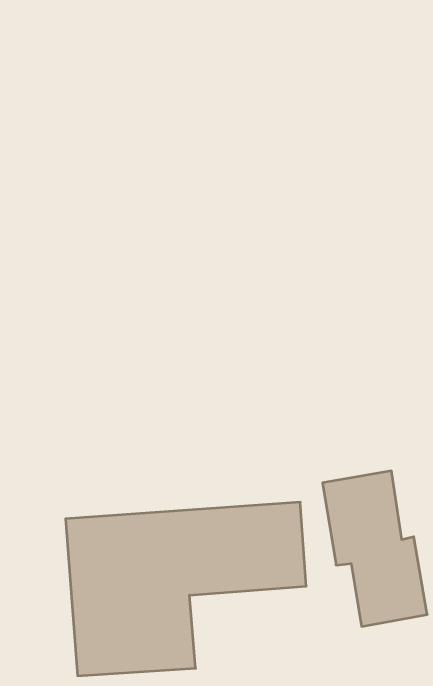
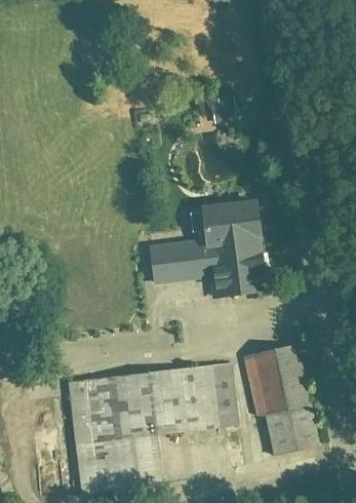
building: none -> [152,195,267,293]

